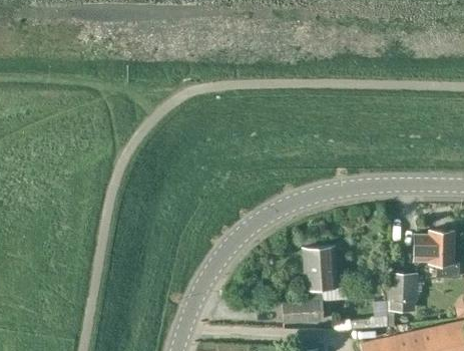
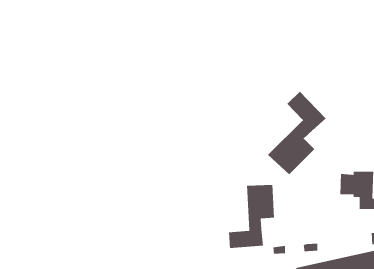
building: none -> [267,91,327,175]
building: [389,274,418,311] -> none

